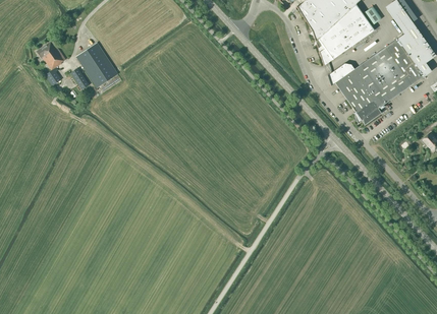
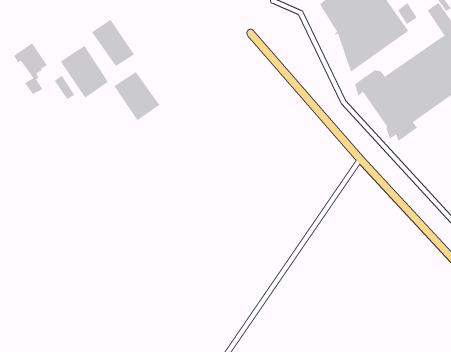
building: none -> [91,19,135,67]
building: none -> [113,71,160,121]

